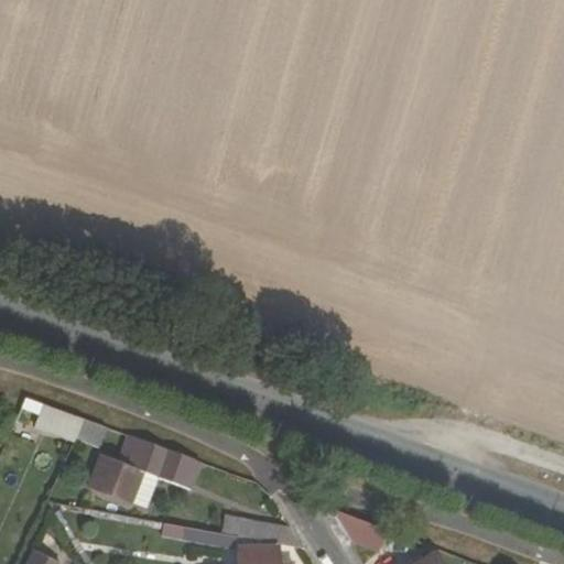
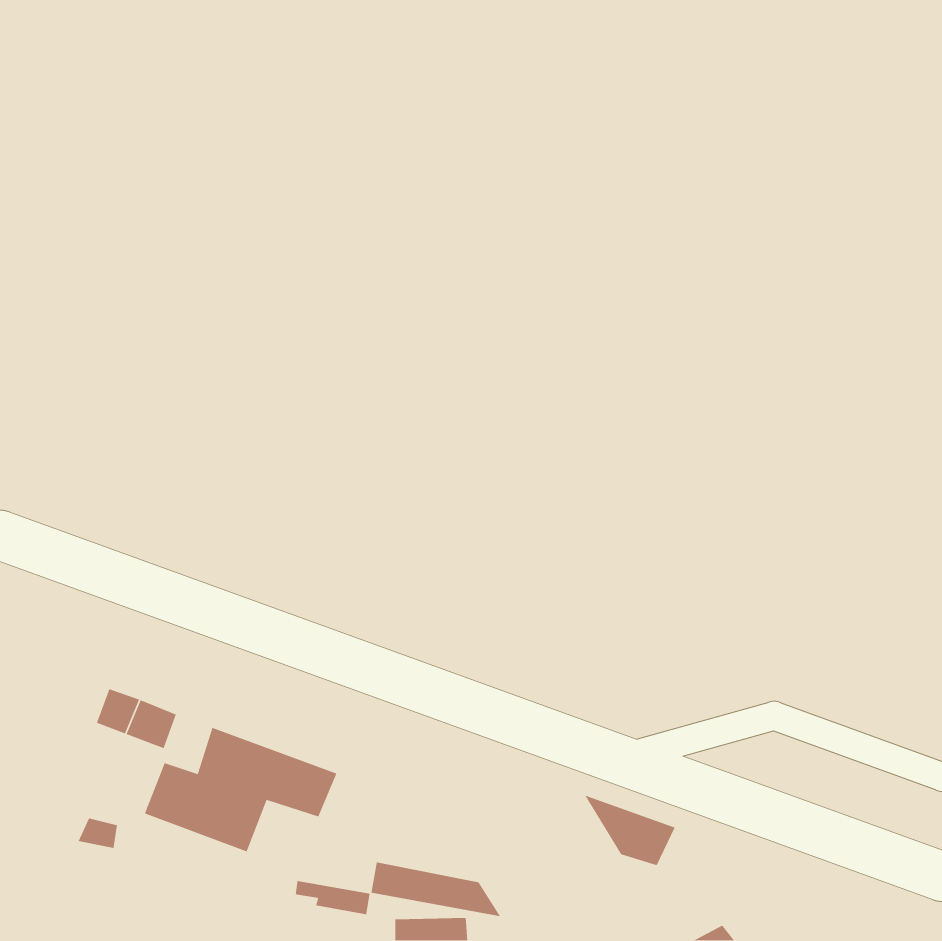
building: [332,511,387,554] -> [584,794,676,866]

